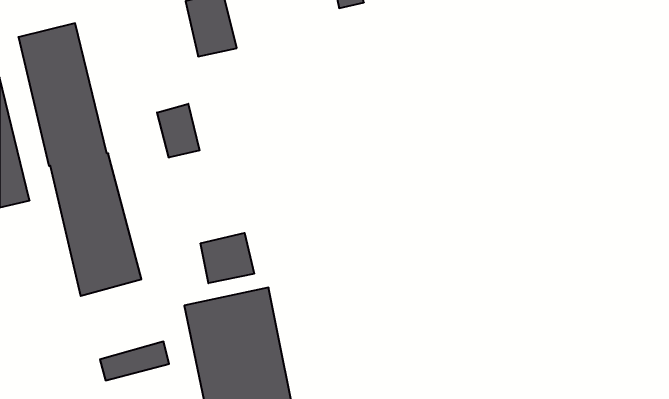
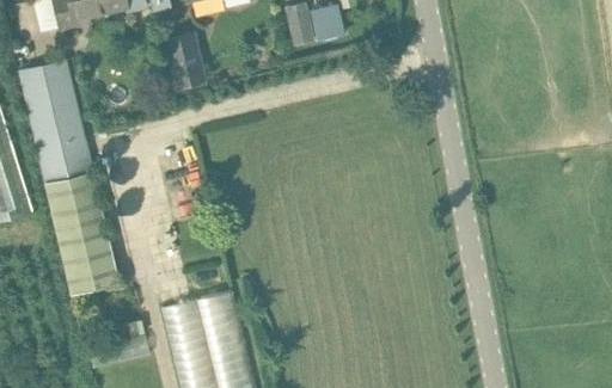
building: [157,104,200,158] -> none
building: [201,233,254,283] -> none

